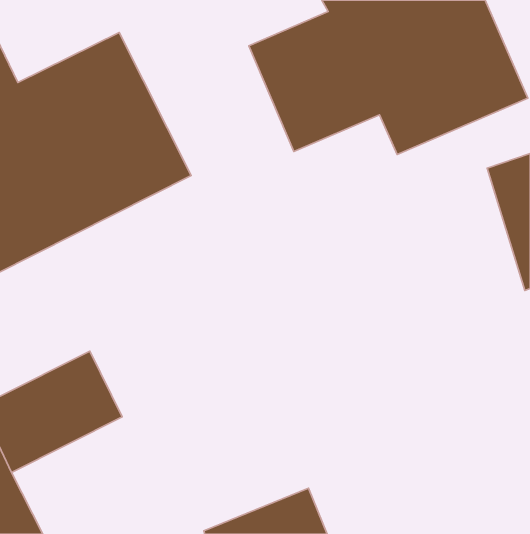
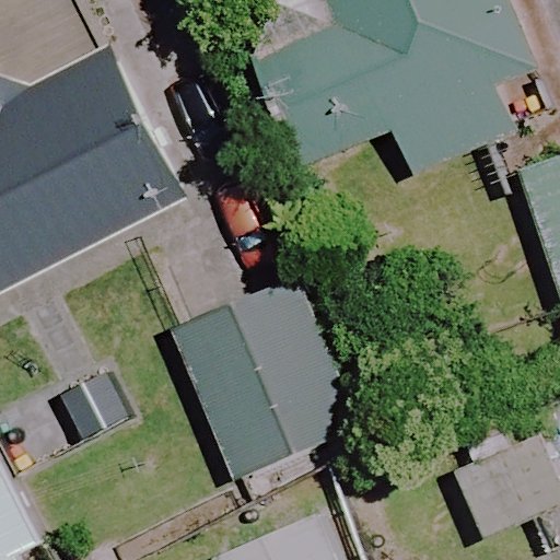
building: none -> [168,278,352,479]

